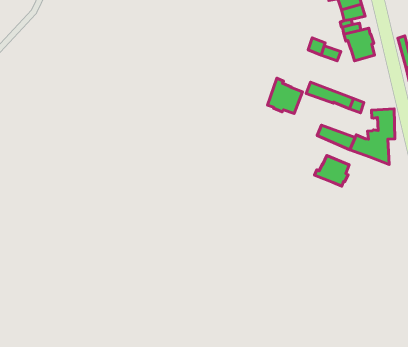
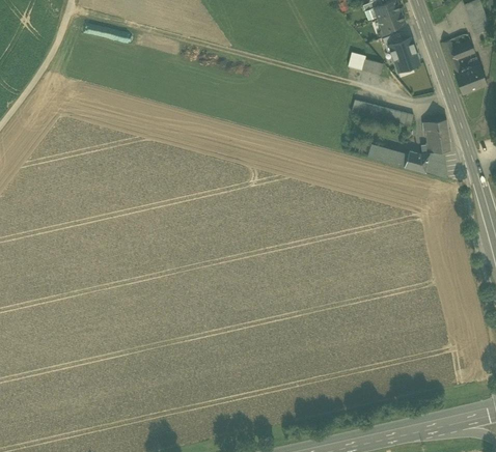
building: [267,78,302,113] -> none
building: [314,155,349,186] -> none

